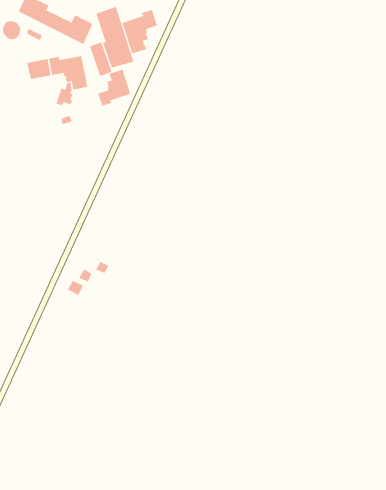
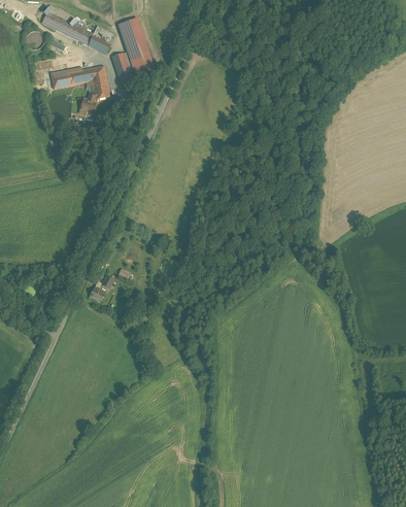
building: [122,9,158,54] -> none
building: [98,69,131,107] -> none

